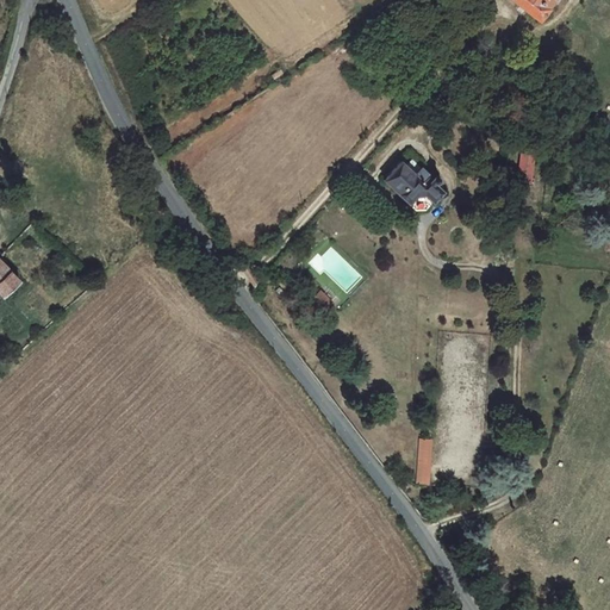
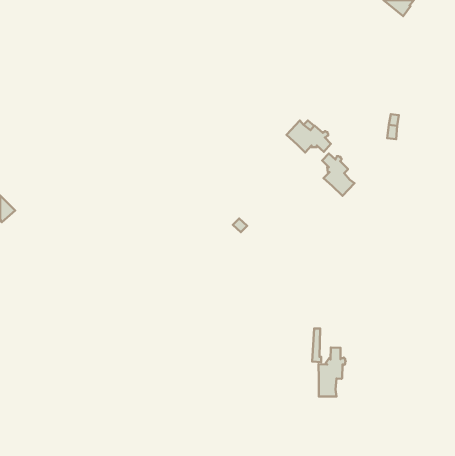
building: none -> [322,154,355,196]
building: none -> [319,348,346,397]

